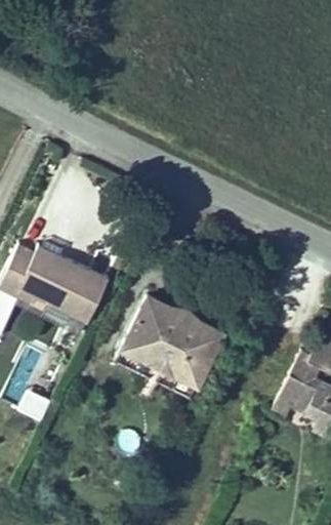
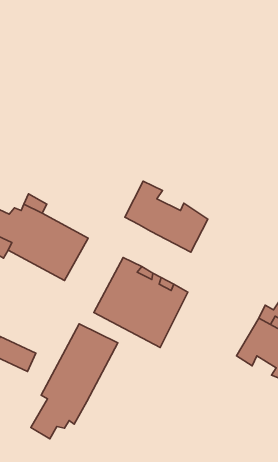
building: none -> [125,181,208,252]
building: none -> [31,324,118,439]

